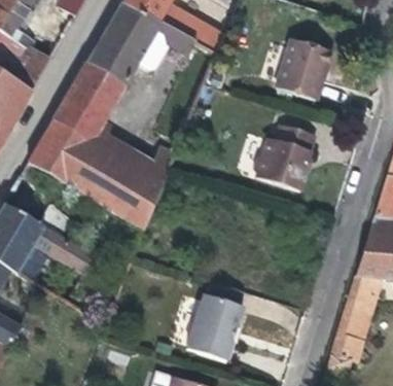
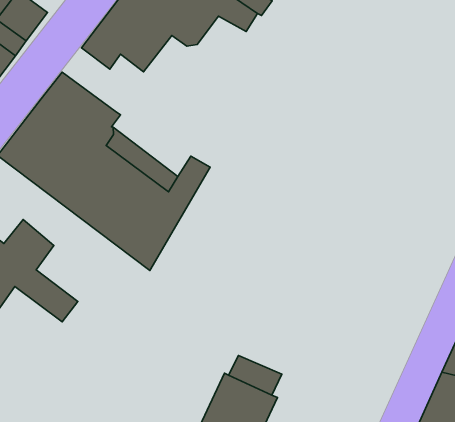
building: [276,39,330,99] -> none
building: [65,79,121,120] -> none
building: [253,124,315,189] -> none

